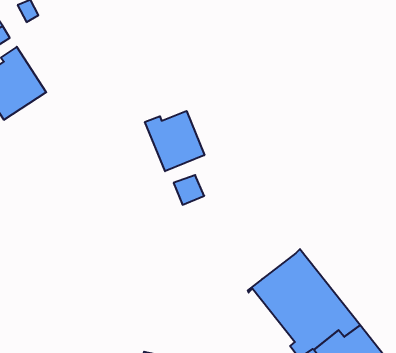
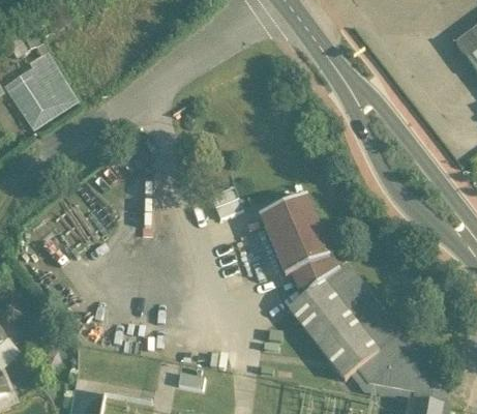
building: [145,111,204,171] -> none
building: none -> [258,195,338,295]

